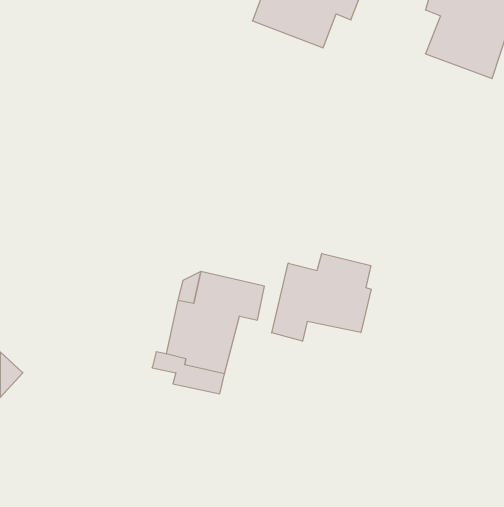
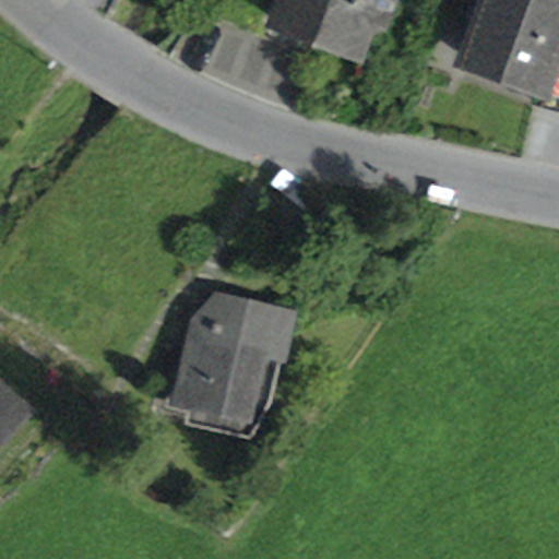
building: [272,253,371,341] -> none

